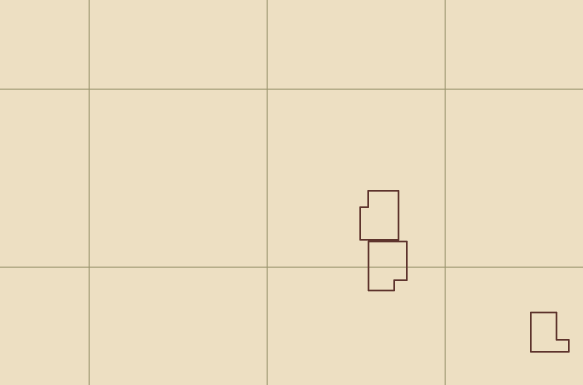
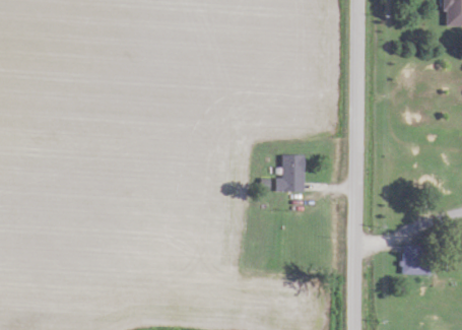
building: [369,241,407,291] -> none

